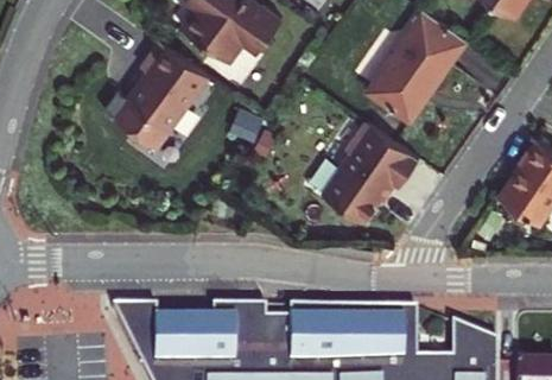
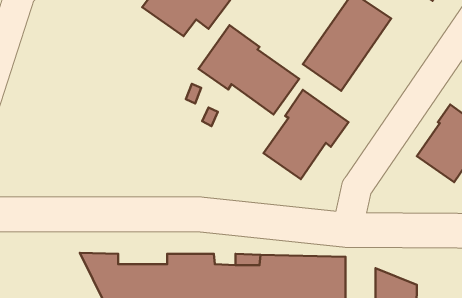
building: [106,39,209,147] -> none
building: none -> [199,25,299,115]

